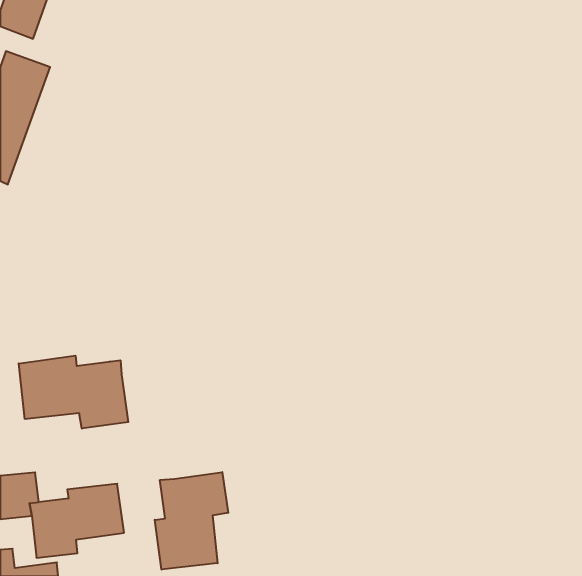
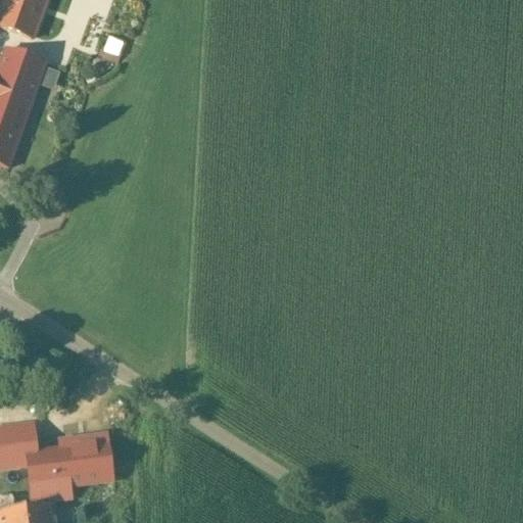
building: [19,356,128,429] -> none
building: [155,472,228,570] -> none

